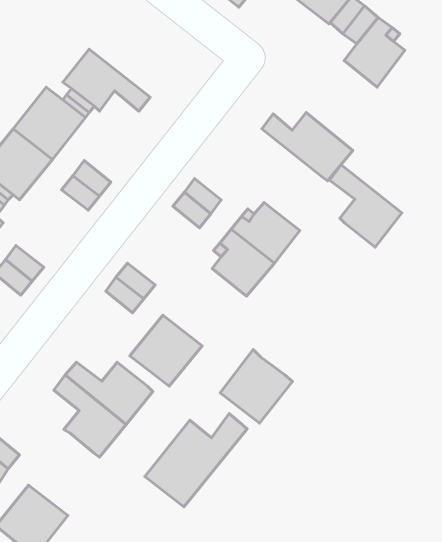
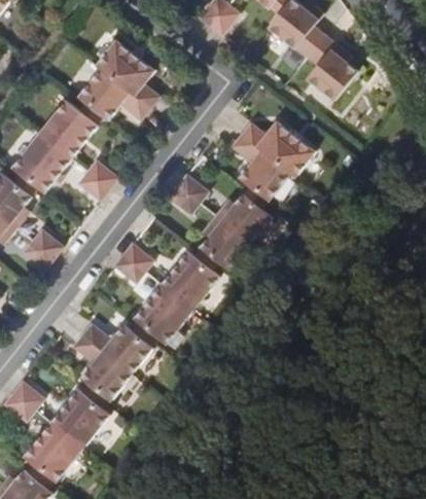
building: none -> [97,39,159,108]
building: [330,165,402,247] -> [232,134,290,201]
building: [220,350,292,423] -> [161,250,219,310]
building: [145,414,247,507] -> none
building: none -> [51,389,110,448]

